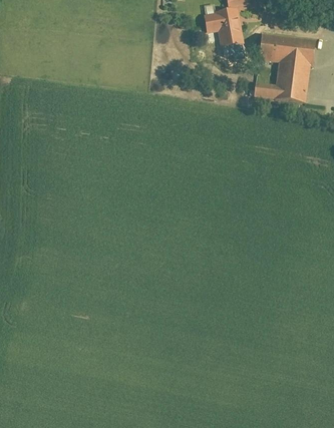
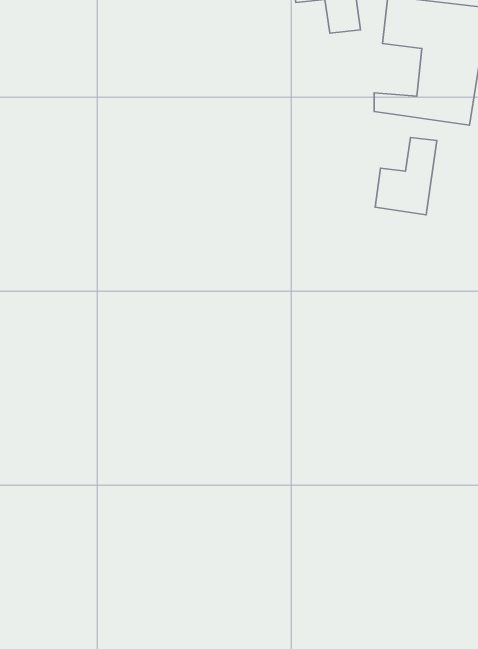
building: none -> [375,137,437,215]

